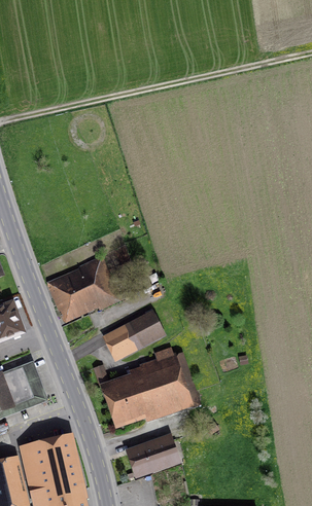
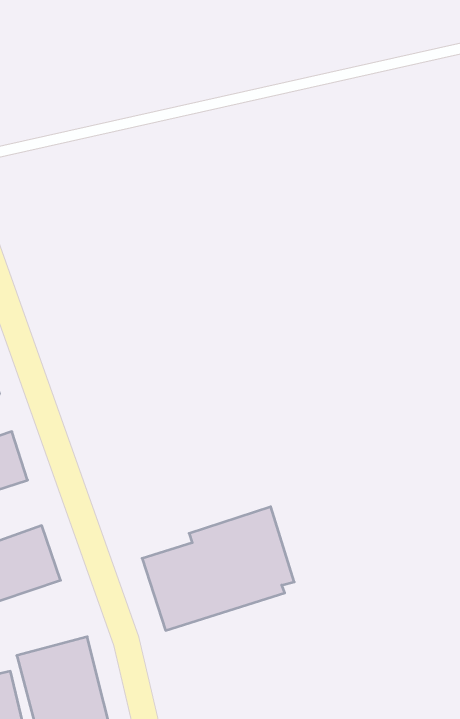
building: [47,255,115,323] -> none
building: [102,312,165,361] -> none
building: [127,434,181,479] -> none

